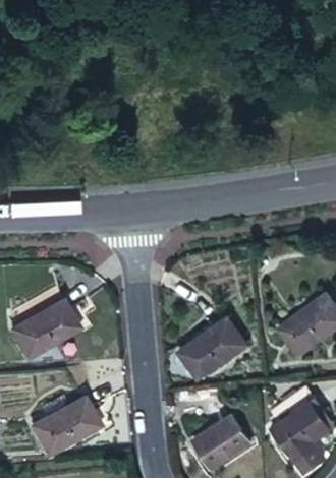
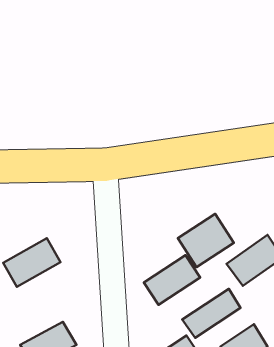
building: none -> [178,214,234,267]
building: none -> [182,289,241,338]

